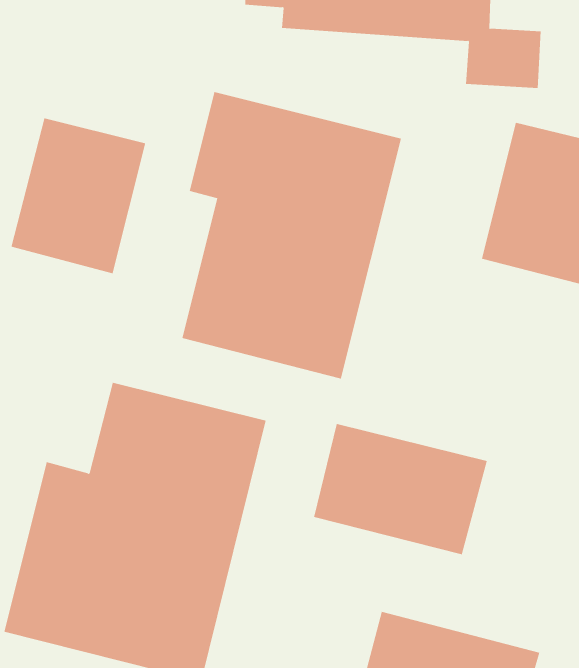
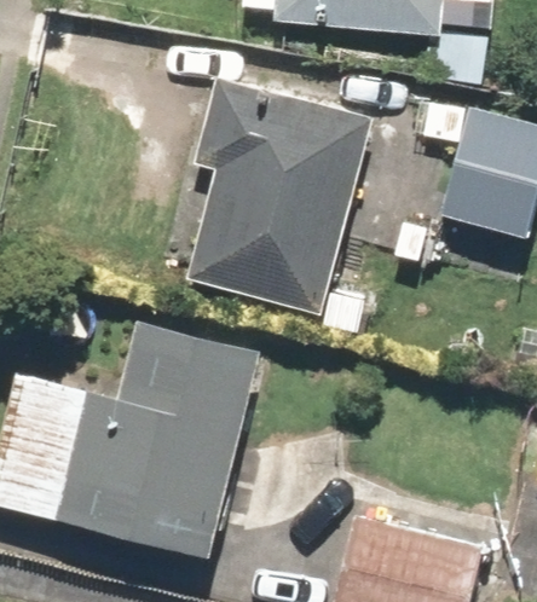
building: [11,118,146,274] -> none
building: [313,423,487,555] -> none

